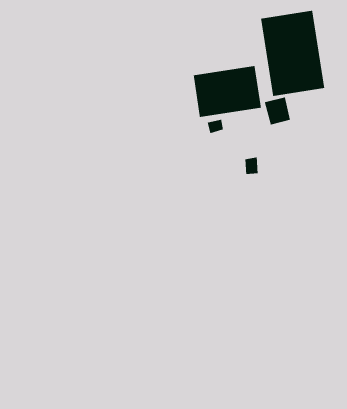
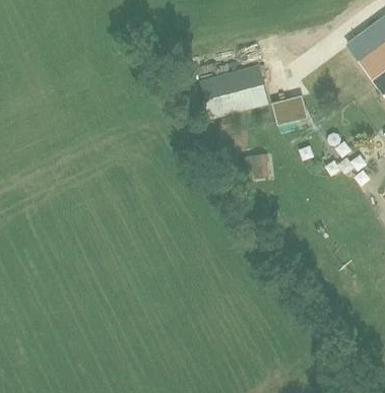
building: [260,10,325,97] -> none

